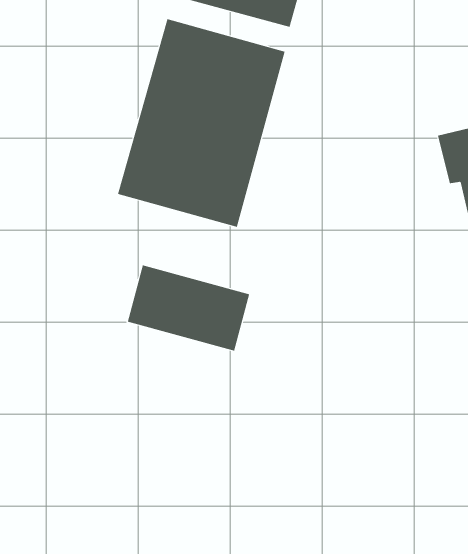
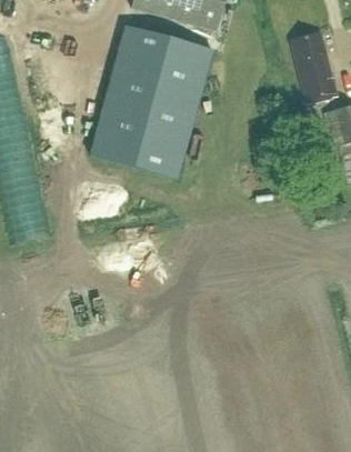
building: none -> [291,31,335,101]
building: [127,264,250,352] -> none

